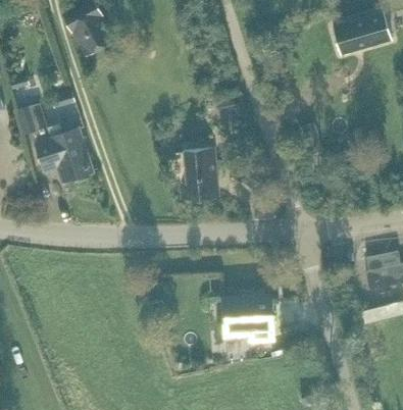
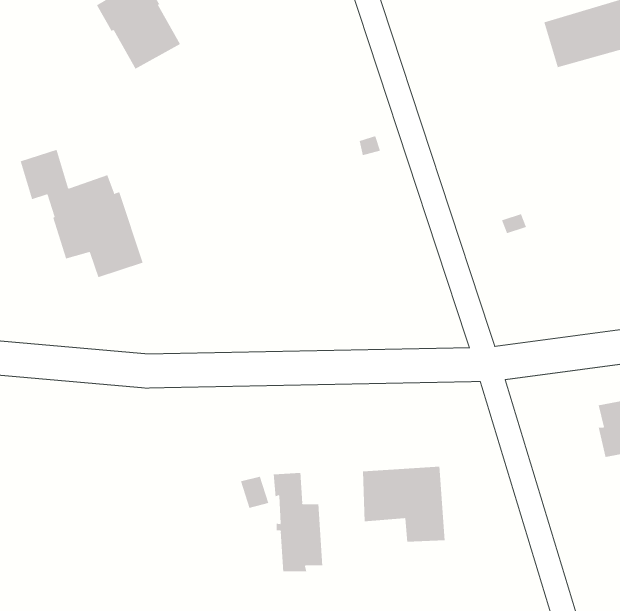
building: [182,151,215,198] -> none
building: none -> [273,472,323,572]

